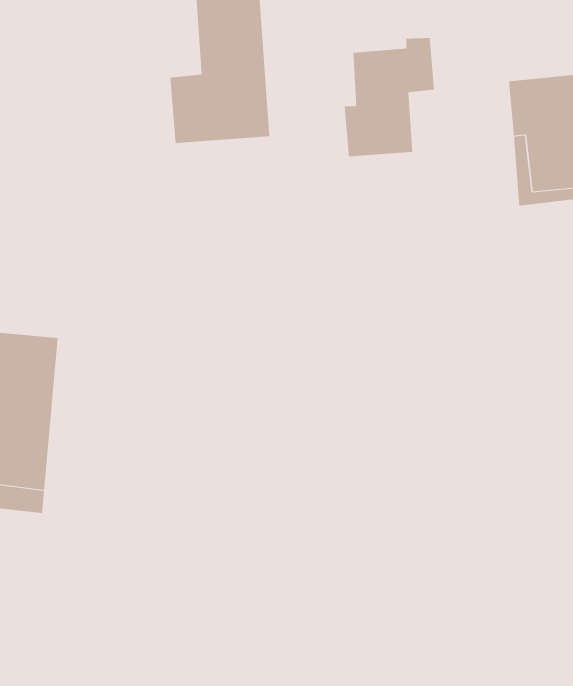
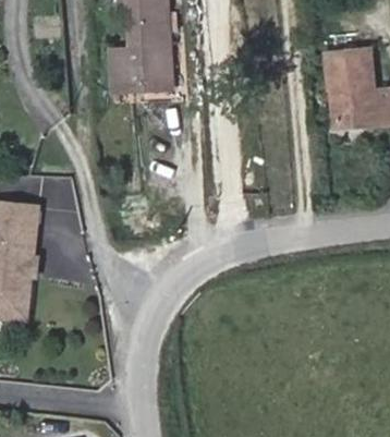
building: [344,37,434,157] -> none

